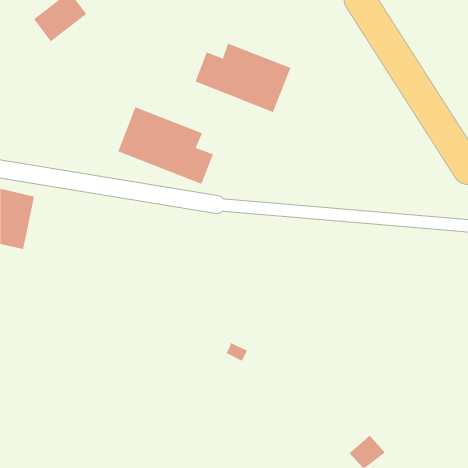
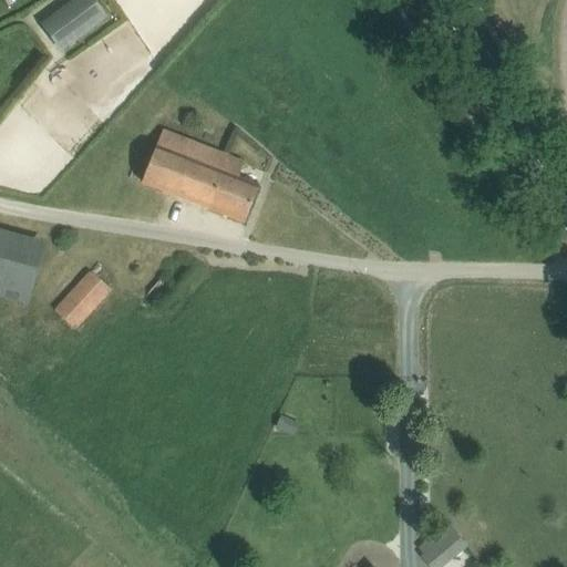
building: [195,43,291,113] -> none
building: none -> [52,268,111,328]

